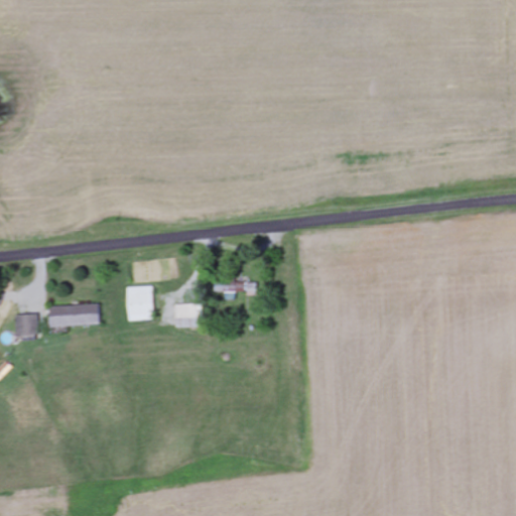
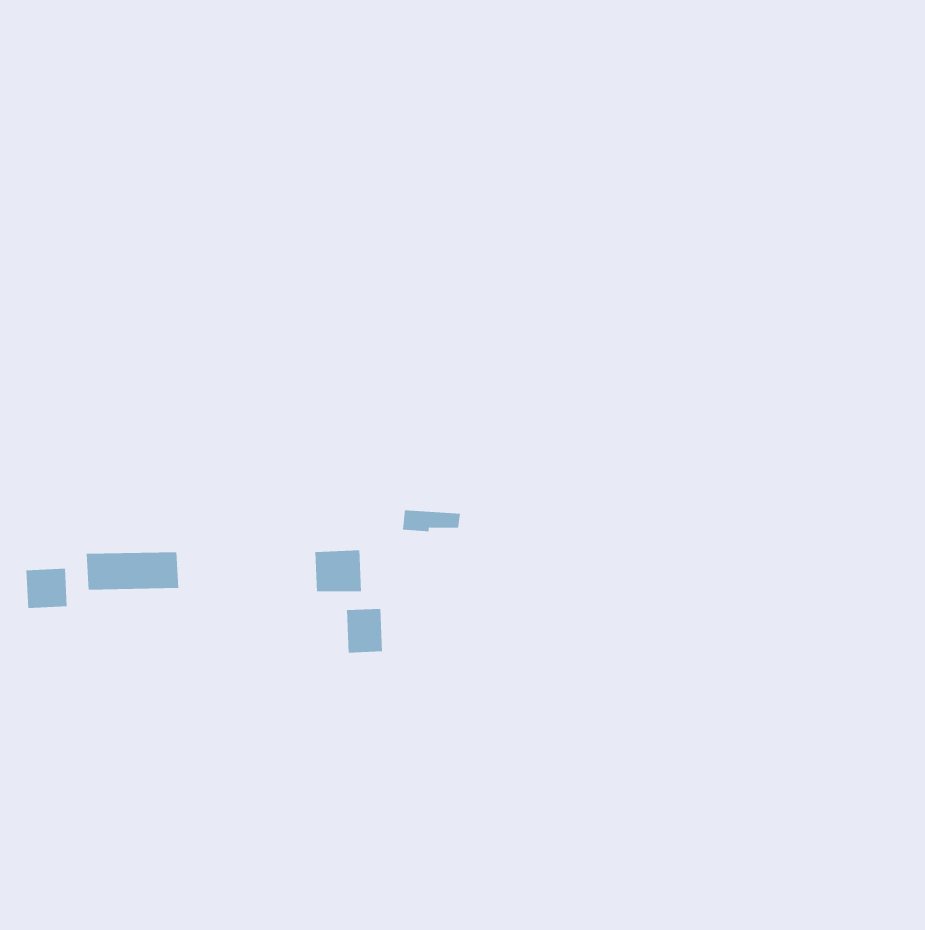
building: [125,285,152,320] -> none
building: none -> [347,608,382,653]

